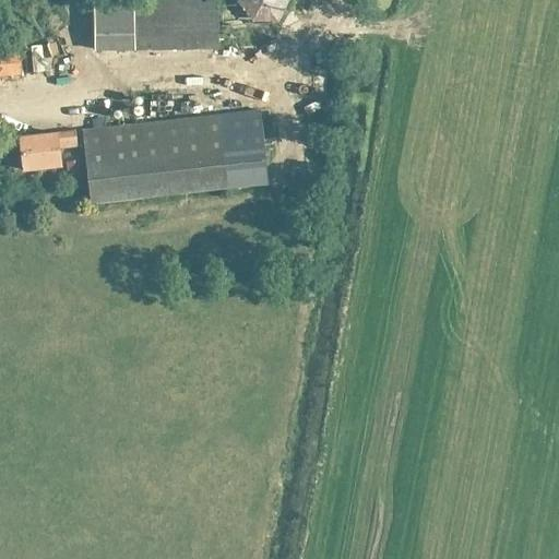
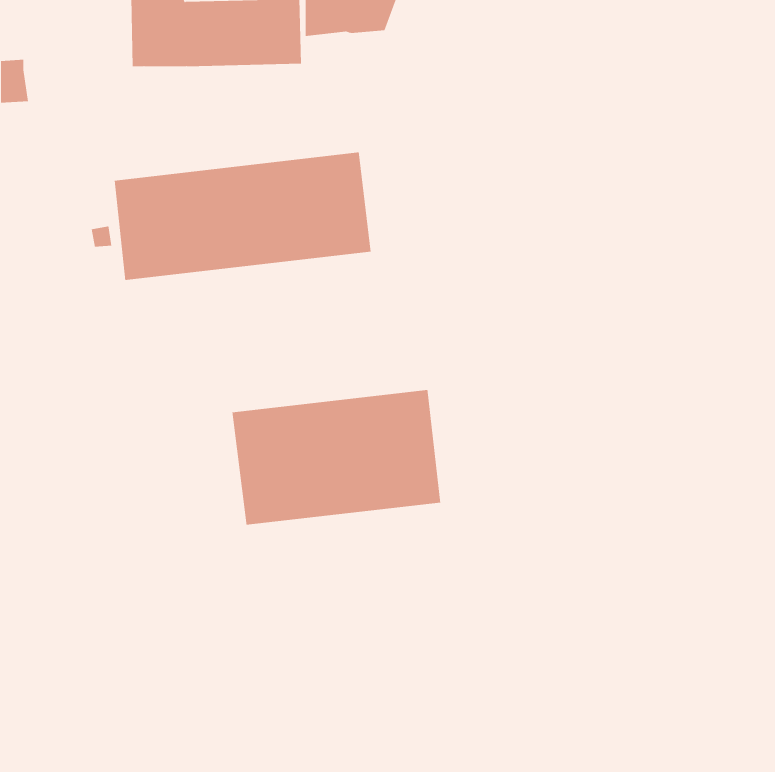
building: [19,131,75,169] -> none
building: none -> [232,389,441,526]

